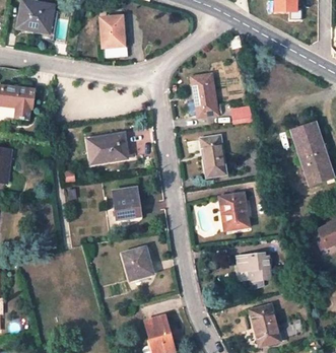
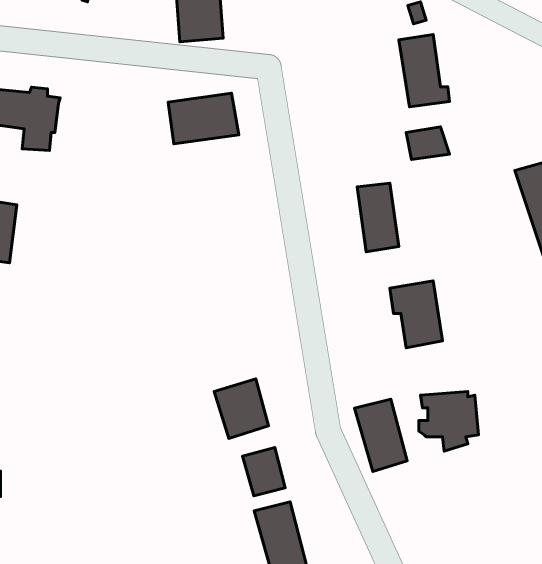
building: [192,75,220,116] -> [399,34,449,107]
building: [87,134,127,162] -> [168,93,239,144]
building: [113,189,140,218] -> none
building: none -> [242,448,285,496]
building: [250,305,279,346] -> [355,399,407,472]

